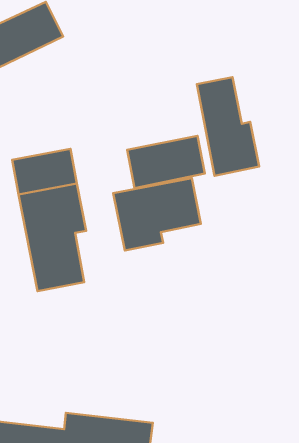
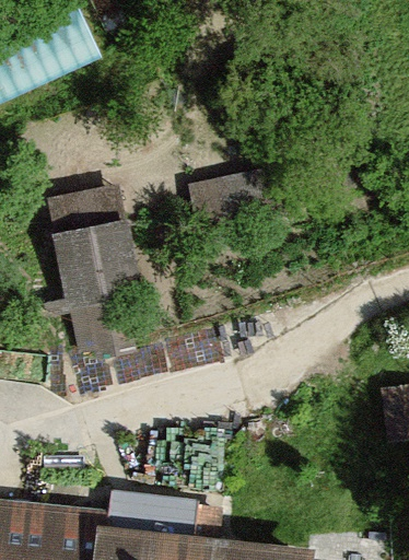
building: [197,77,259,176] -> none
building: [113,178,201,251] -> none

